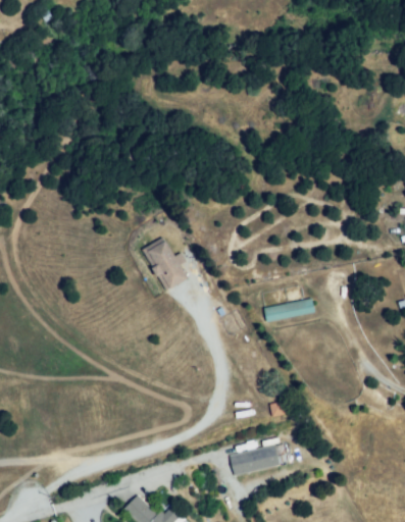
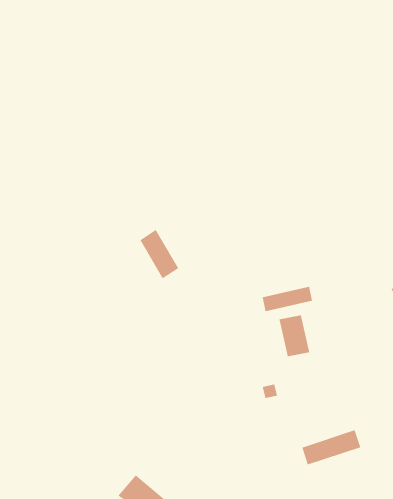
building: none -> [279,314,310,357]
building: [229,439,290,476] -> [301,429,361,465]

